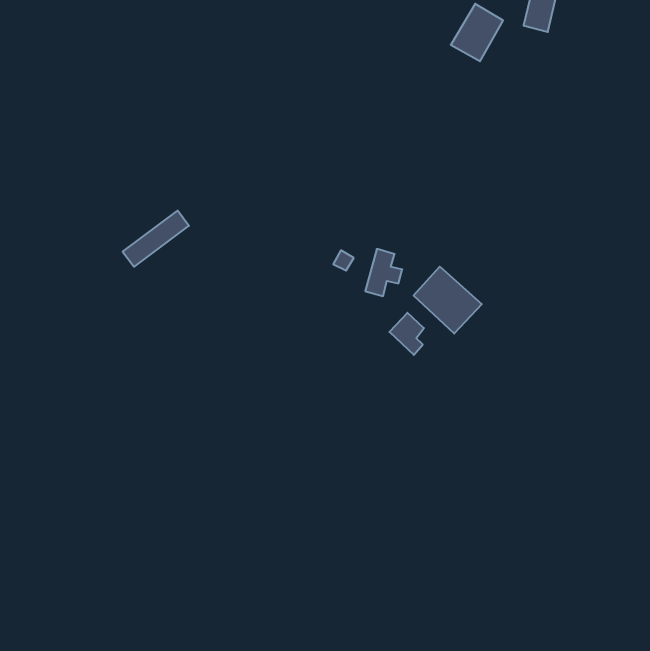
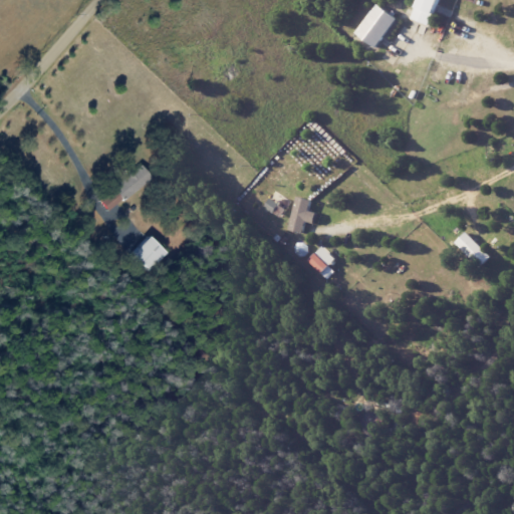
building: [414,267,482,334] -> none
building: none -> [455,232,490,267]
building: none -> [130,236,164,270]

